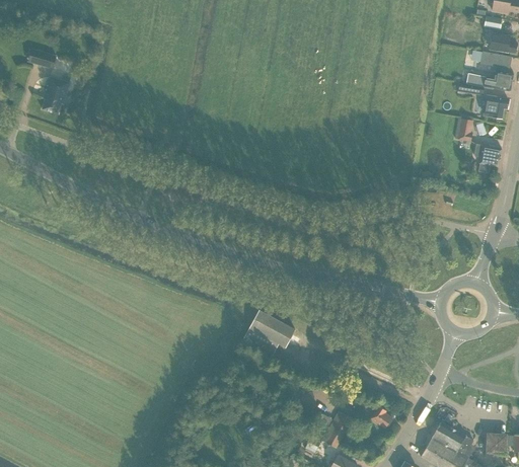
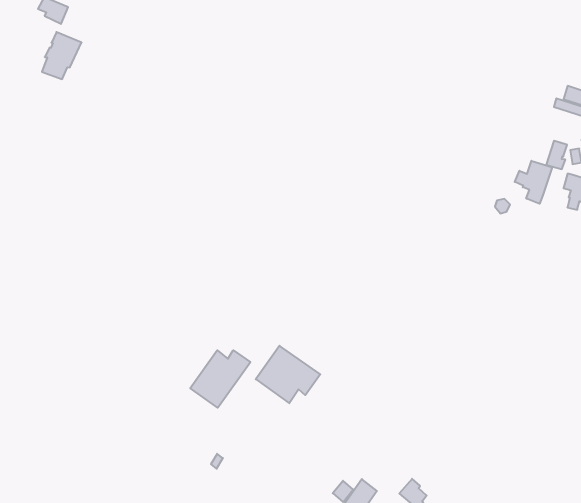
building: none -> [515,161,552,204]
building: none -> [190,350,250,408]

